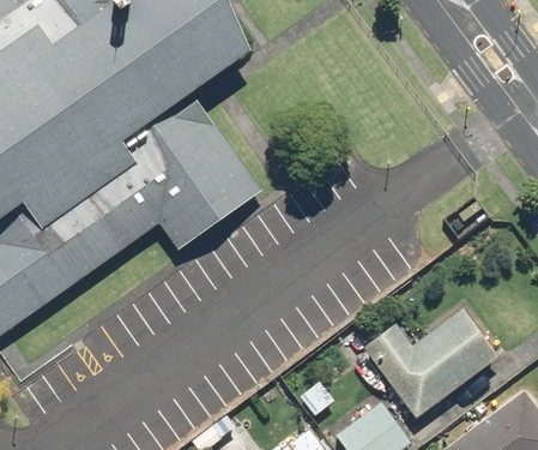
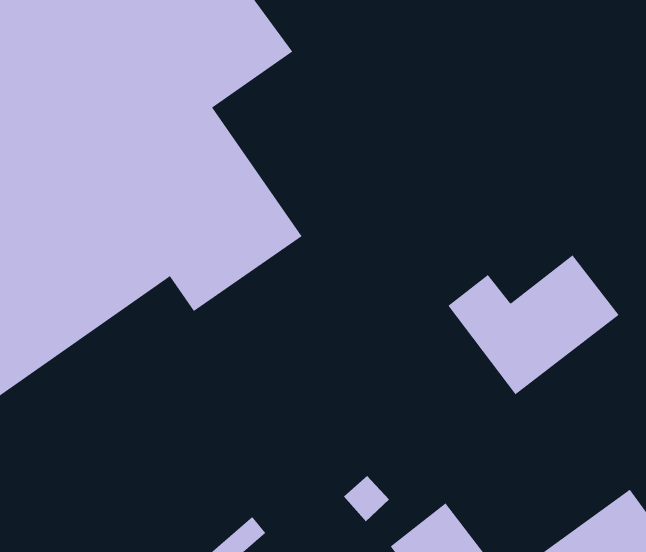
building: [361,308,497,420] -> [447,254,620,395]

